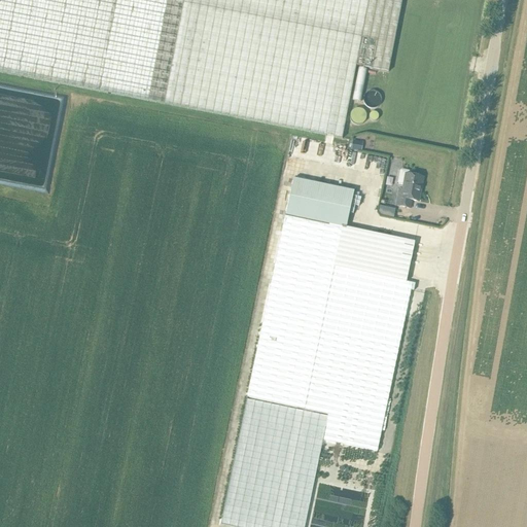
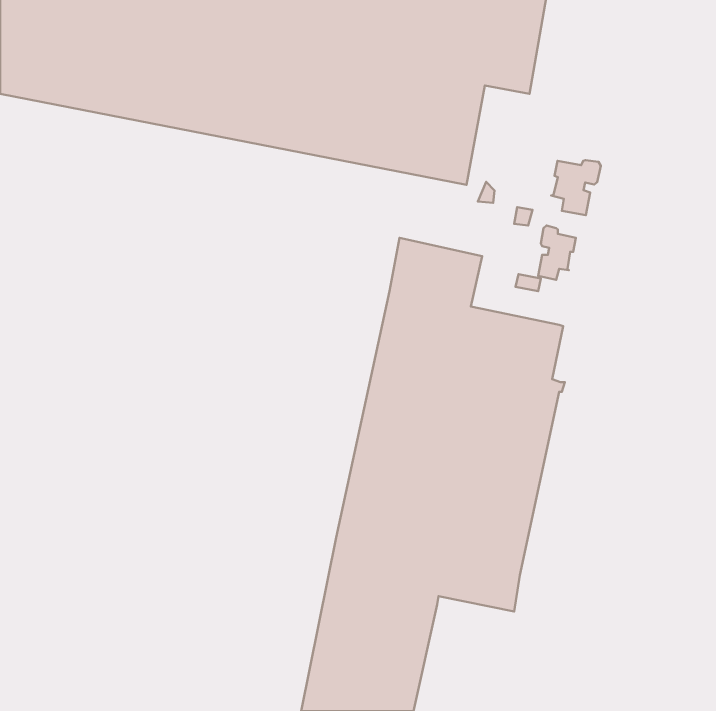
building: none -> [551,160,601,215]

